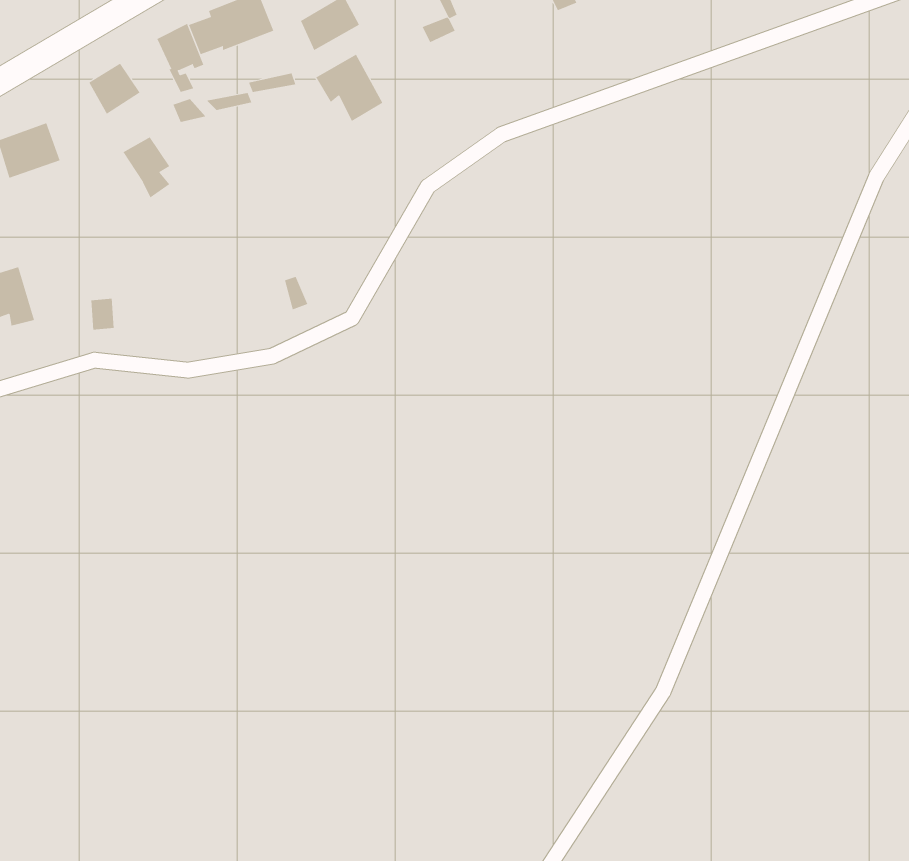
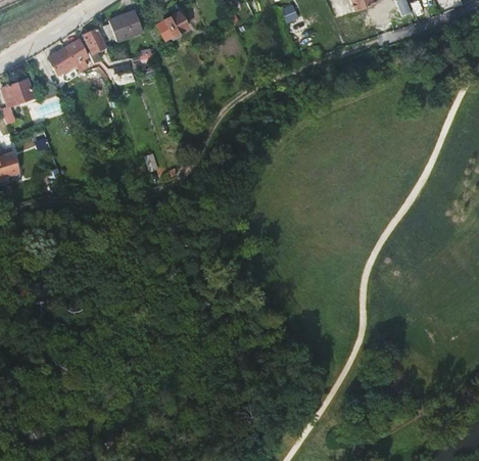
building: [315,54,383,122] -> none
building: [122,136,170,198] -> [64,39,89,71]

